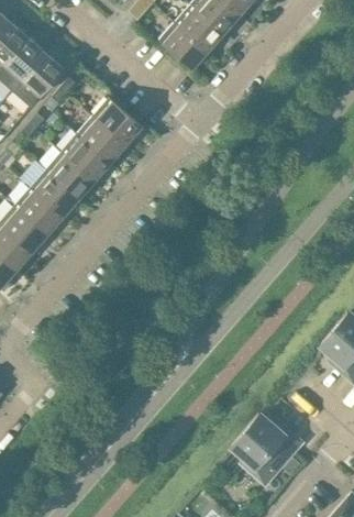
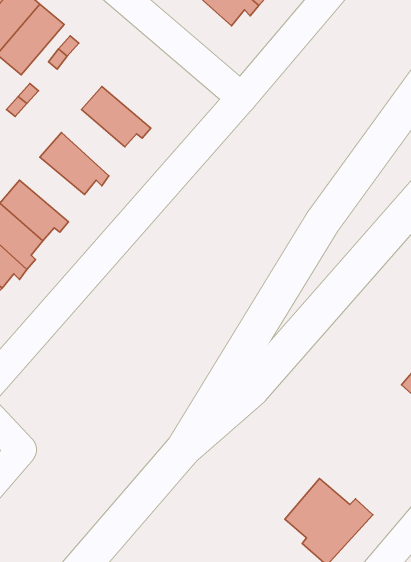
building: [92,98,142,148] -> none
building: [62,134,110,185] -> none
building: [30,171,79,220] -> none

